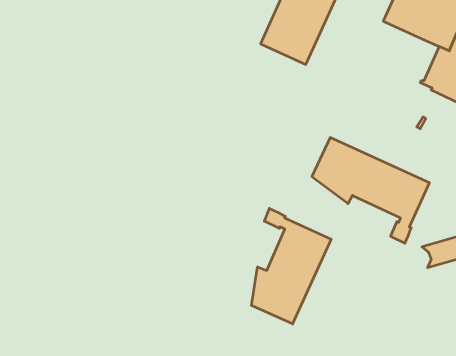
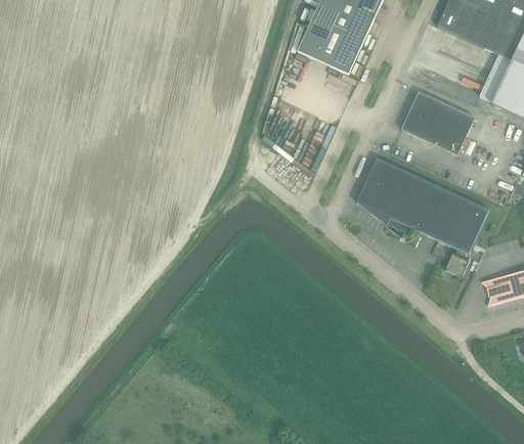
building: none -> [401,91,475,154]
building: [251,208,331,324] -> none

